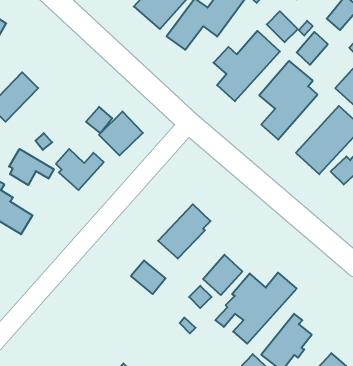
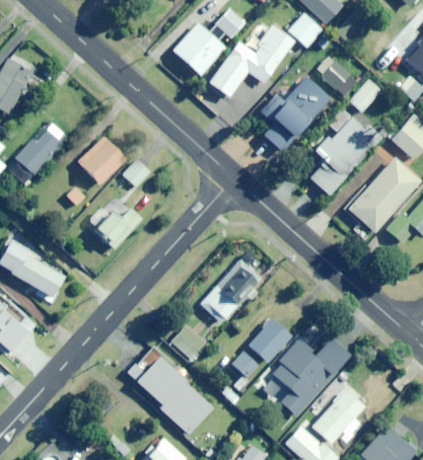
building: [99,111,143,155] -> [77,137,125,184]
building: [9,149,54,185] -> none
building: none -> [127,358,213,435]

